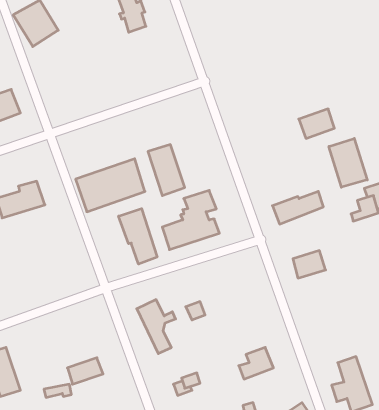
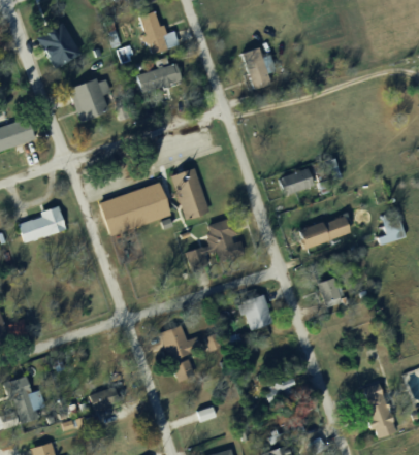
building: none -> [240,47,277,97]
building: none -> [136,60,183,94]
building: none -> [67,75,110,121]
building: [299,109,334,138] -> [278,166,314,196]
building: [329,138,367,187] -> none
building: [119,209,157,264] -> none
building: none -> [238,294,275,333]

